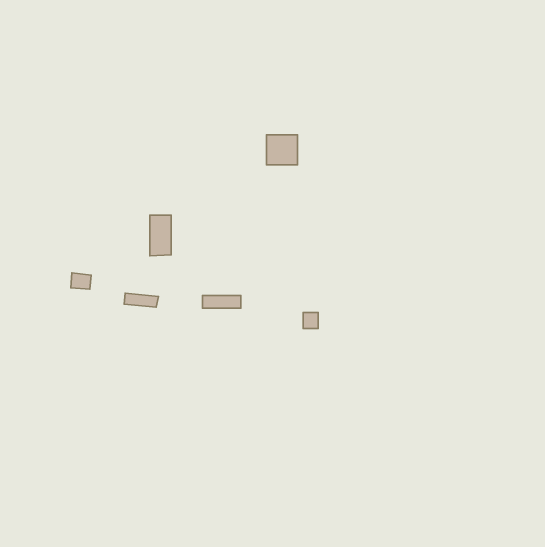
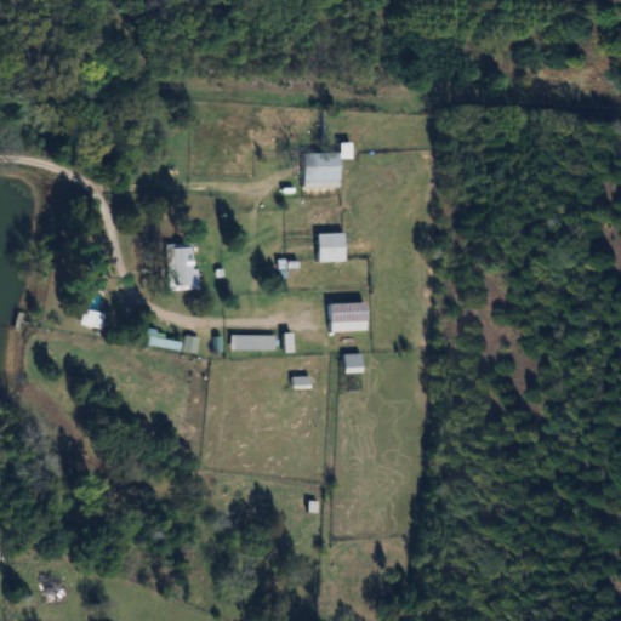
building: none -> [319,233,346,261]
building: none -> [330,302,366,331]

